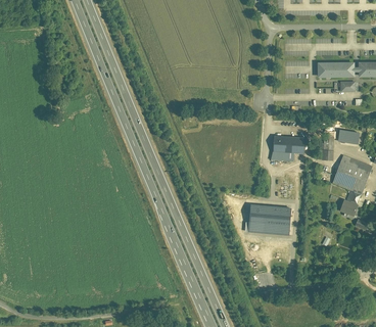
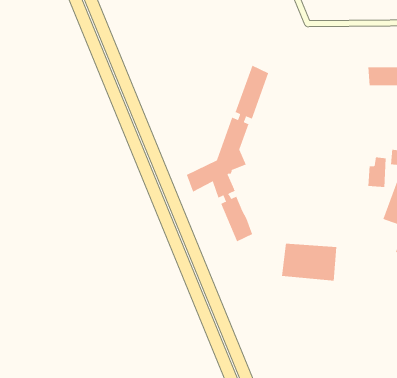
building: none -> [186,65,269,242]
building: [272,135,303,154] -> none

